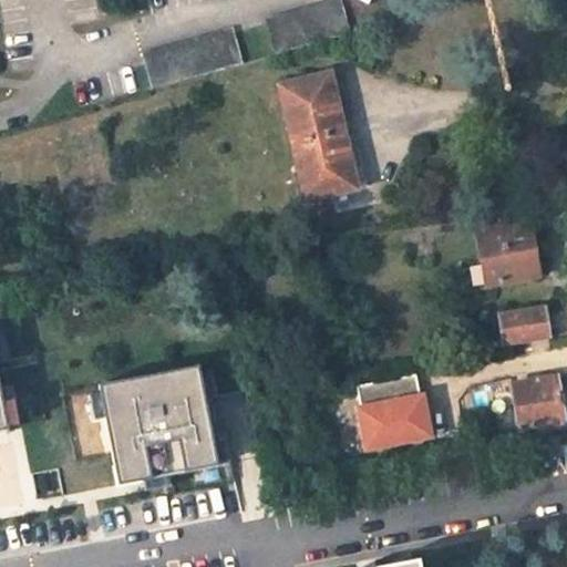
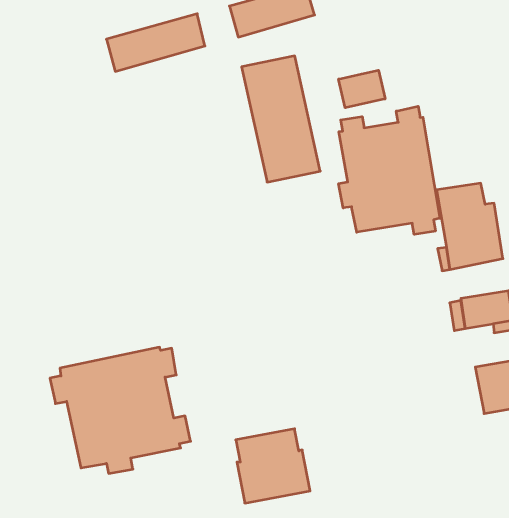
building: none -> [339,70,385,108]
building: none -> [339,106,440,234]
building: [355,371,430,445] -> [236,429,310,503]

